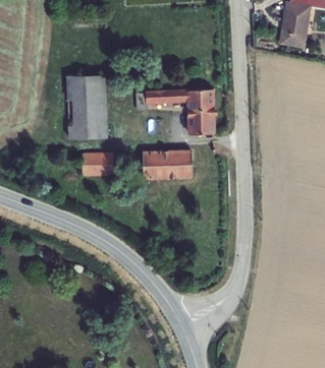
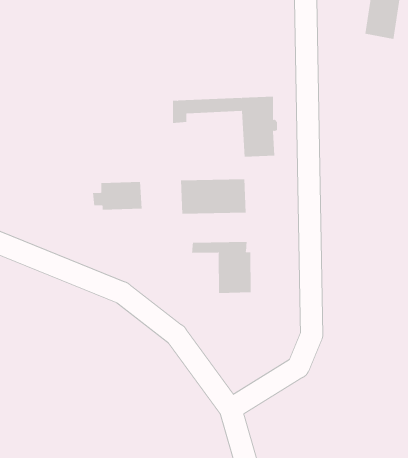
building: [66,76,106,138] -> none
building: none -> [192,241,251,294]

